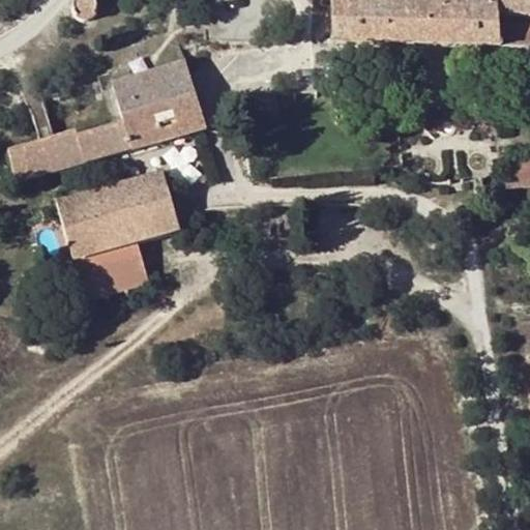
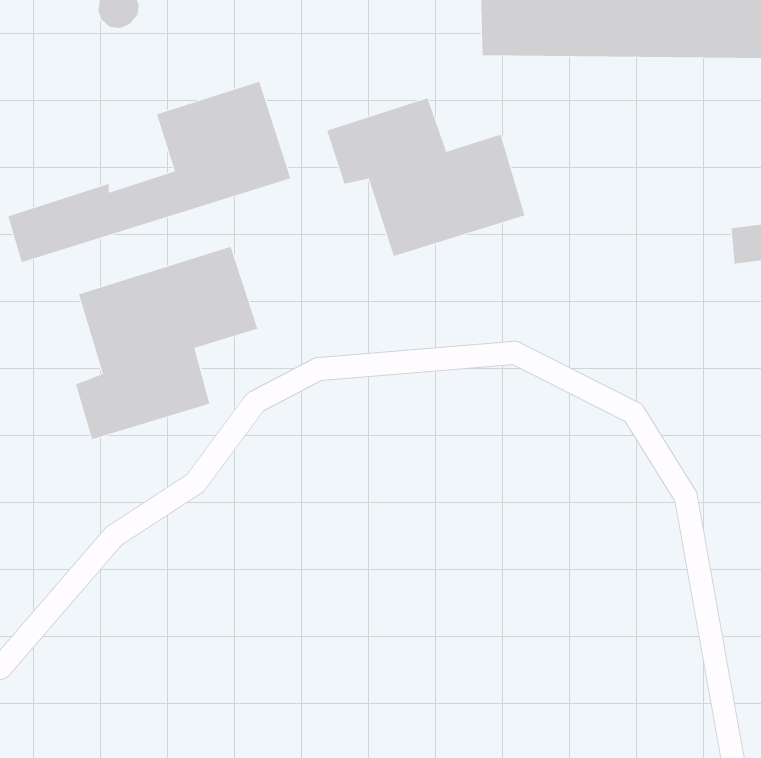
building: none -> [327,98,525,257]

